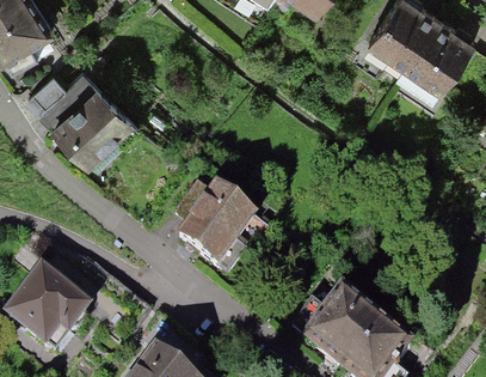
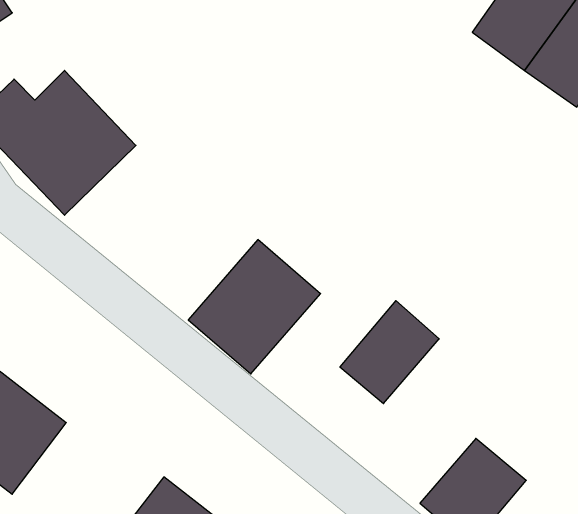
building: [302,298,370,369] -> [340,301,439,404]

